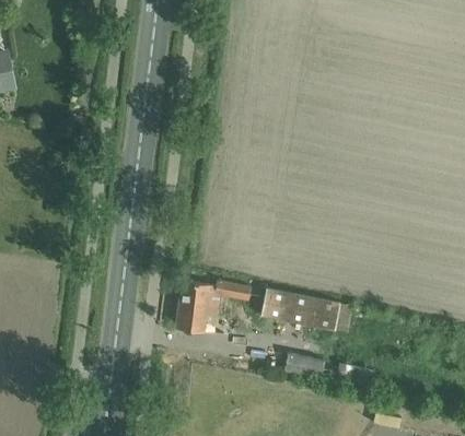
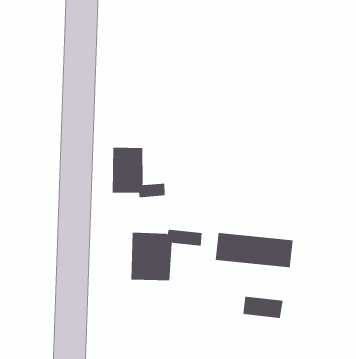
building: none -> [112,147,165,198]

